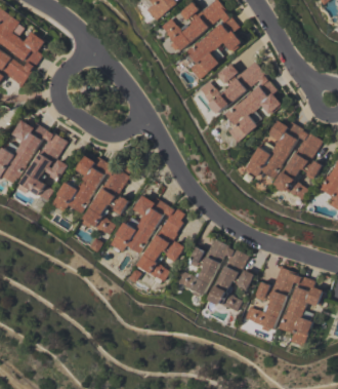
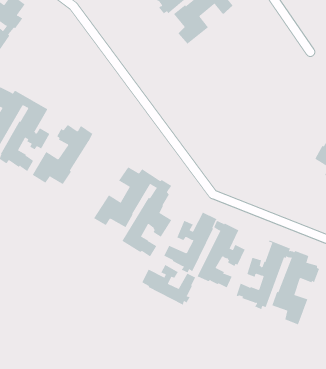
building: [199,61,282,143] -> none
building: [245,120,323,199] -> none
building: [82,164,129,235] -> none
building: none -> [141,264,196,305]

